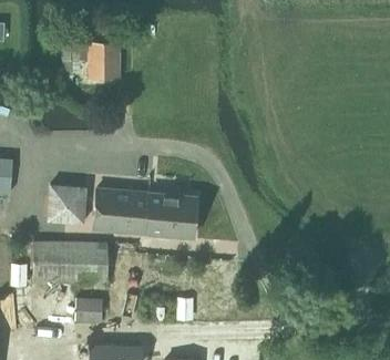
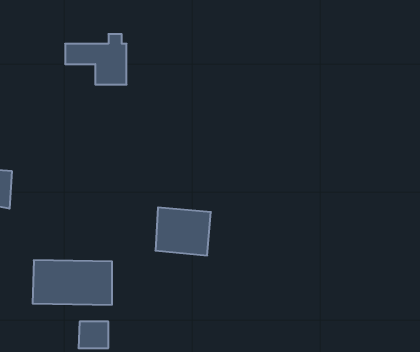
building: [48,185,86,223] -> none
building: [93,189,147,233] -> none

